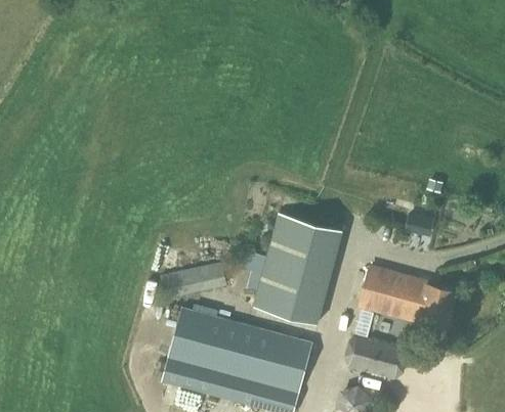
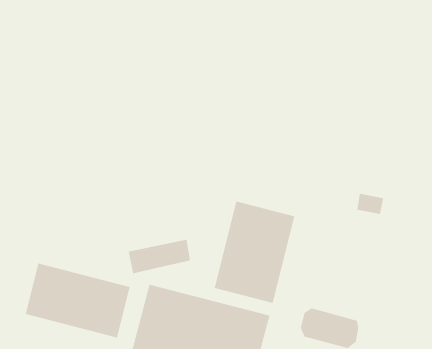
building: [360,265,457,326] -> none
building: none -> [25,263,131,339]

